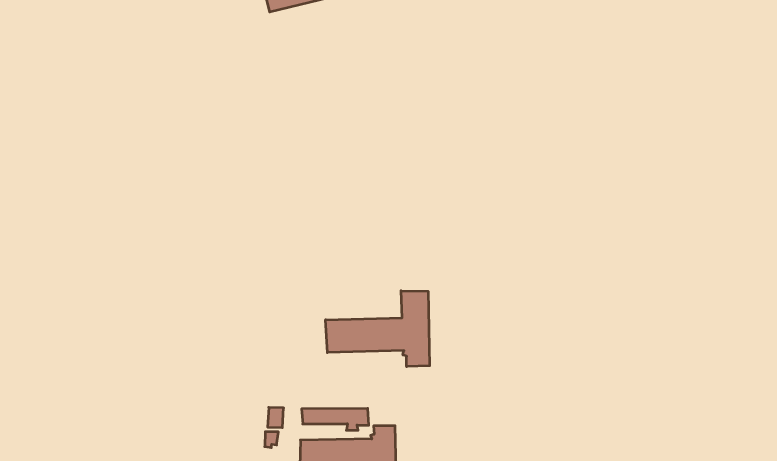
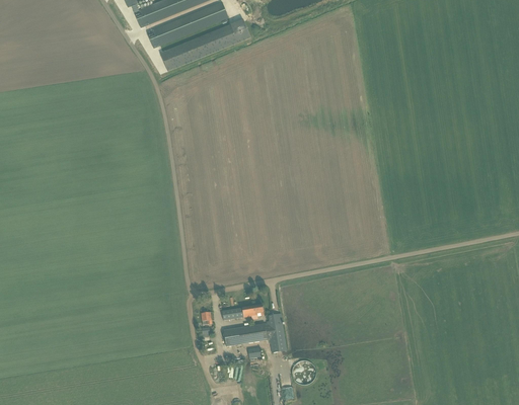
building: [326,291,430,367] -> none

